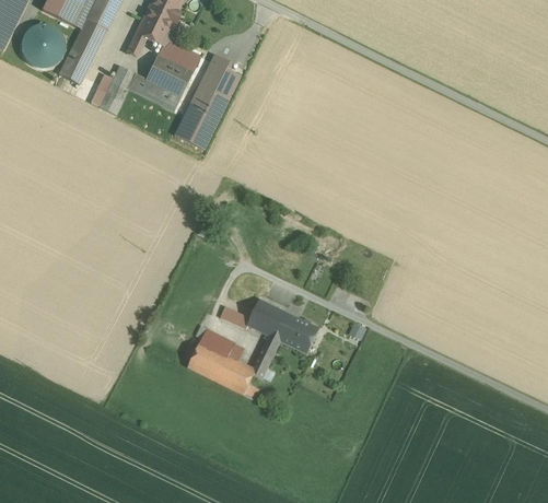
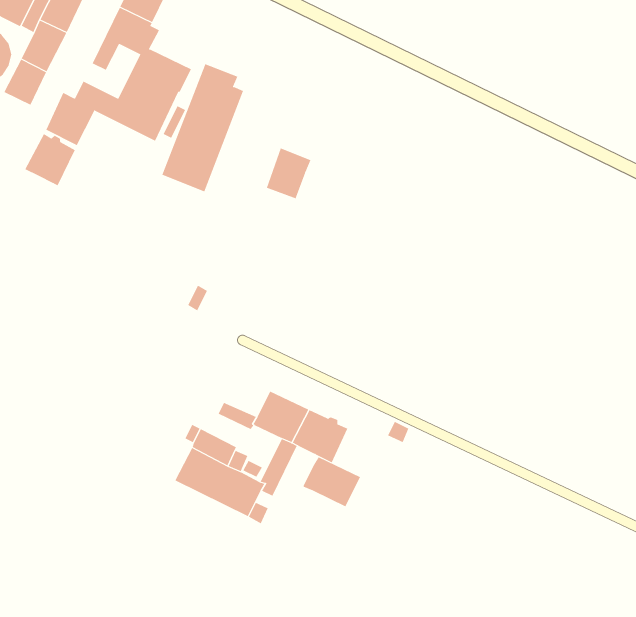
building: none -> [24,133,76,186]
building: none -> [266,148,311,199]
building: none -> [303,457,361,507]

